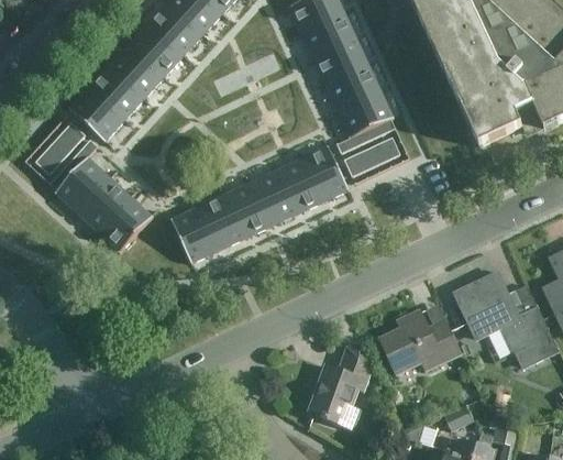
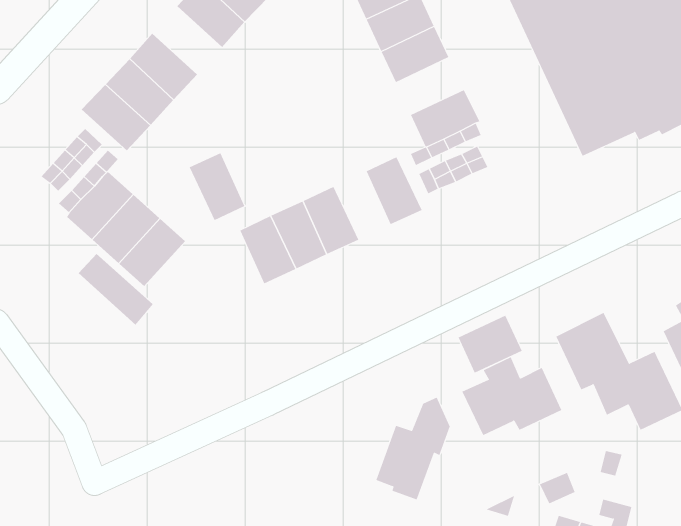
building: [126,22,184,78] -> none
building: [325,64,382,111] -> none
building: [275,157,321,213] -> none
building: [172,206,218,262] -> [189,152,245,221]
building: none -> [78,253,154,325]
building: none -> [458,315,522,374]

